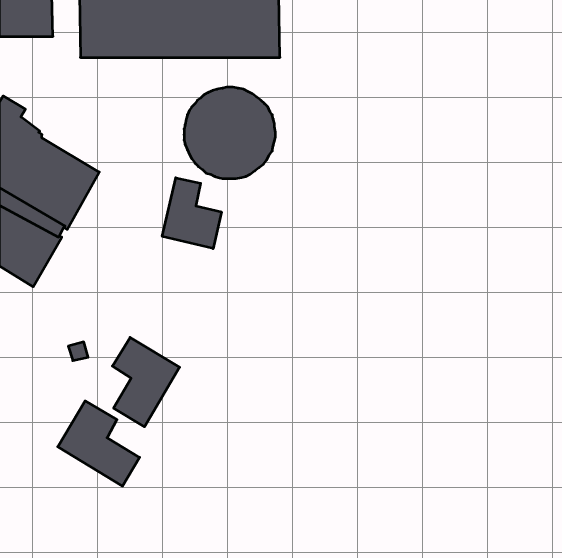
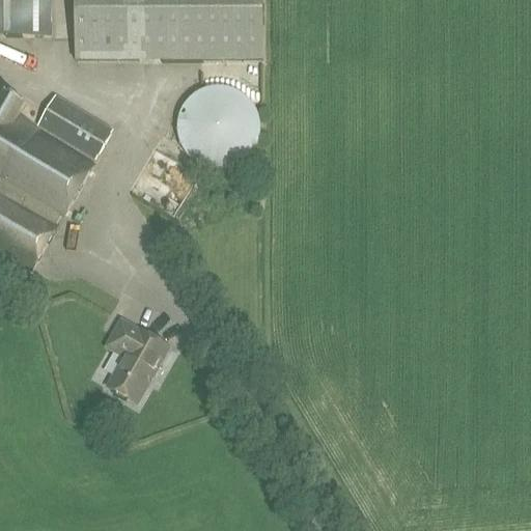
building: none -> [36,93,113,159]
building: [162,178,221,249] -> none
building: [58,401,140,486] -> none

